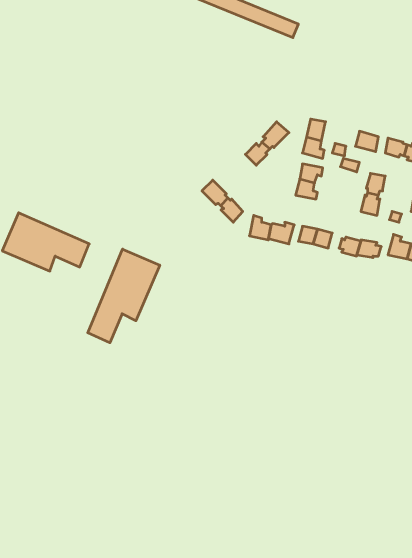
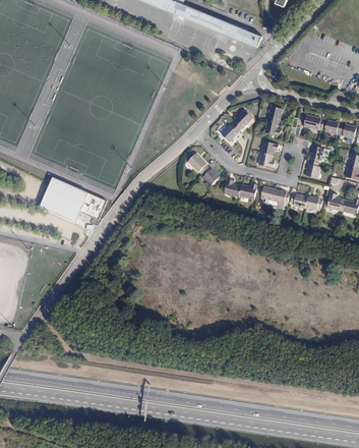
building: [88,249,160,343] -> none

